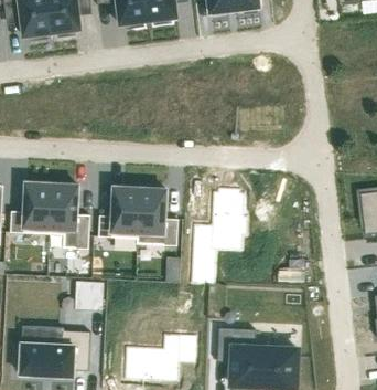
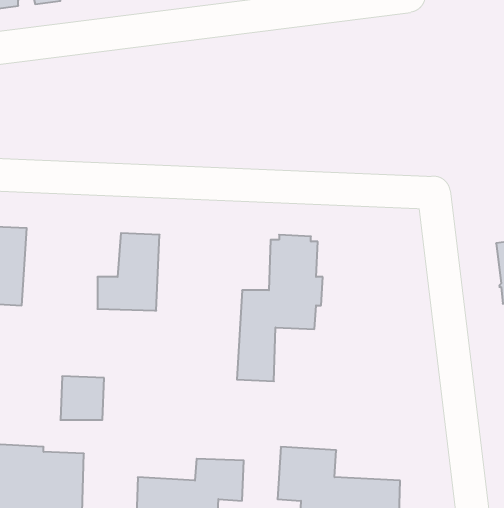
building: [49,182,89,247] -> none
building: [136,187,177,244] -> none

